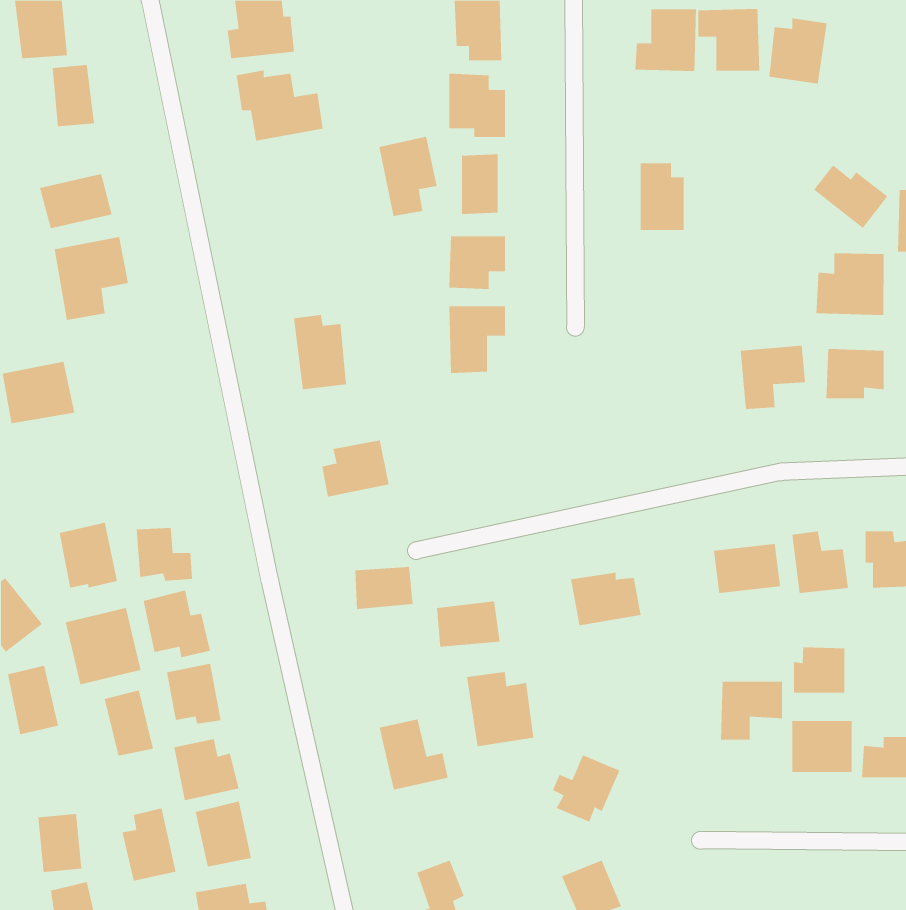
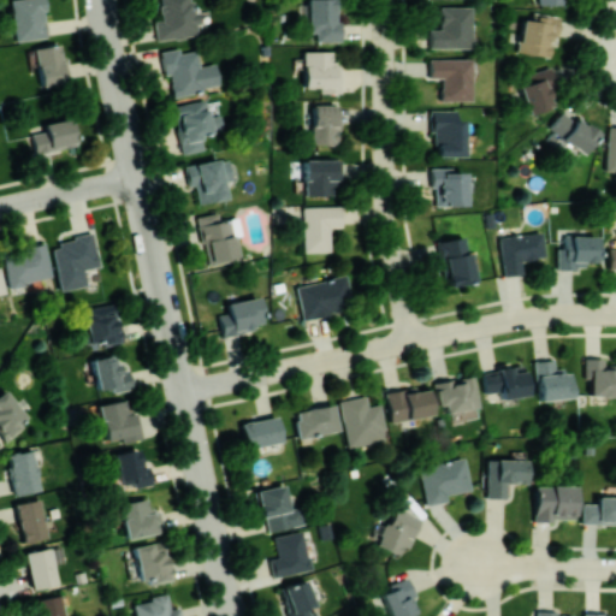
building: [698,8,760,71] -> [432,60,474,102]
building: none -> [523,69,564,116]
building: [379,136,438,216] -> [176,101,215,155]
building: none -> [188,159,235,205]
building: [54,237,129,321] -> [55,236,106,292]
building: none -> [434,170,468,207]
building: [816,252,884,316] -> none
building: none -> [443,238,475,288]
building: none -> [300,279,354,320]
building: [59,522,118,588] -> [85,304,125,349]
building: none -> [437,378,481,414]
building: [354,567,413,609] -> [244,420,284,449]
building: [65,607,141,685] -> none
building: [793,646,845,694] -> none
building: [466,672,534,747] -> [343,398,389,449]
building: none -> [425,461,472,507]
building: [104,690,154,756] -> [18,499,52,544]
building: none -> [273,532,314,579]
building: [122,808,176,882] -> none

